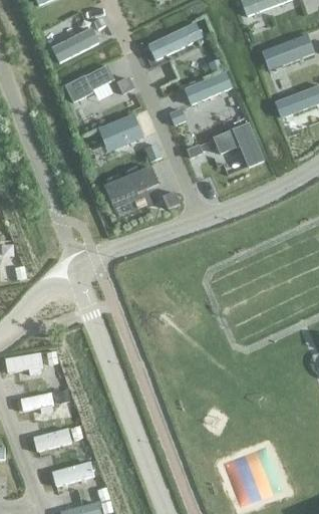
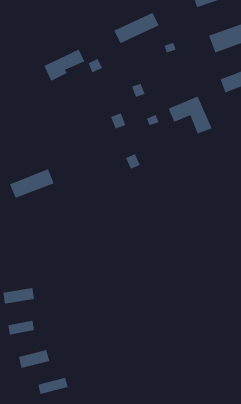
building: [51,28,99,63] -> none
building: [184,72,232,105] -> none
building: [98,114,142,153] -> none
building: [103,168,157,204] -> [9,168,54,199]

